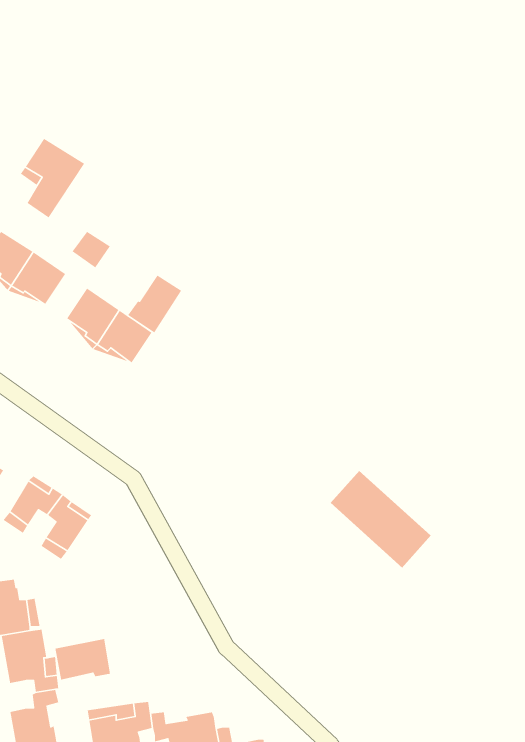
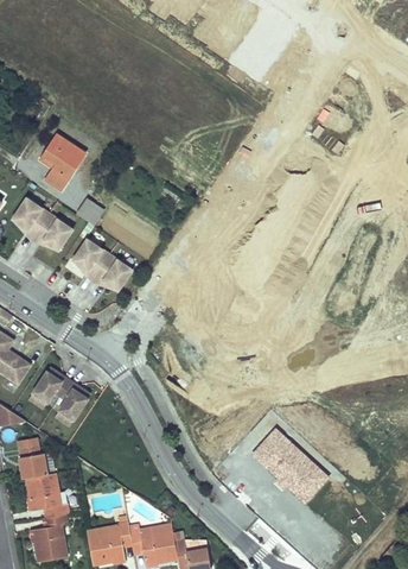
building: [127,275,182,333] -> none
building: [330,470,432,568] -> [254,431,324,499]
building: [54,638,111,681] -> none

